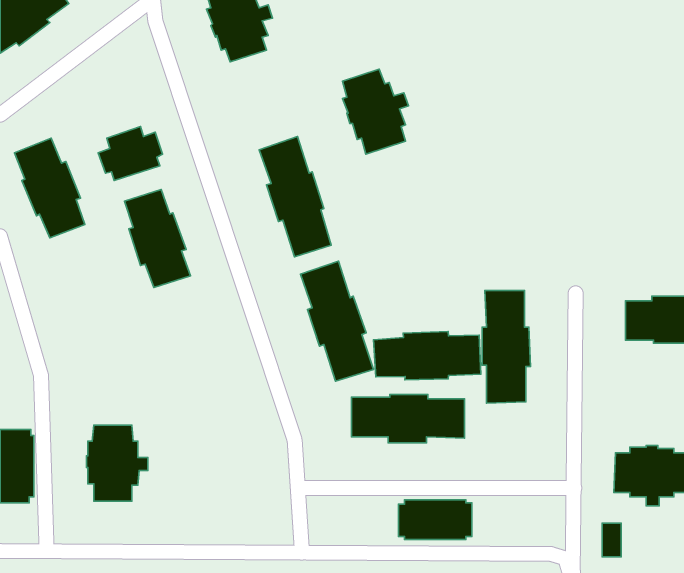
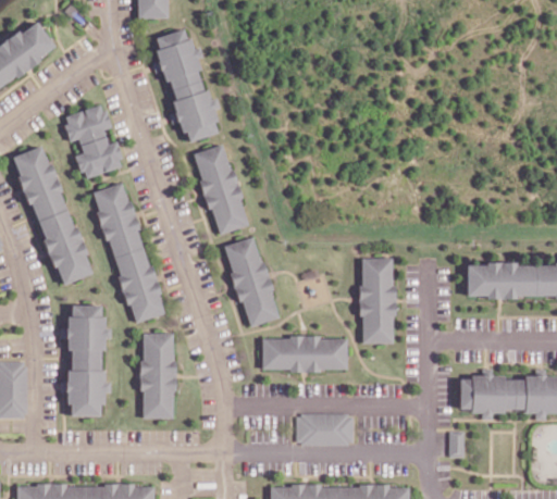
building: [342,69,408,154] -> [173,80,222,144]
building: none -> [65,105,112,146]
building: none -> [39,210,91,283]
building: none -> [116,248,165,322]
building: [374,331,481,380] -> none
building: none -> [66,305,112,359]
building: none -> [141,333,176,416]

